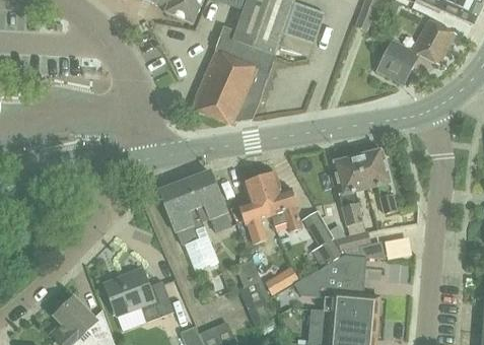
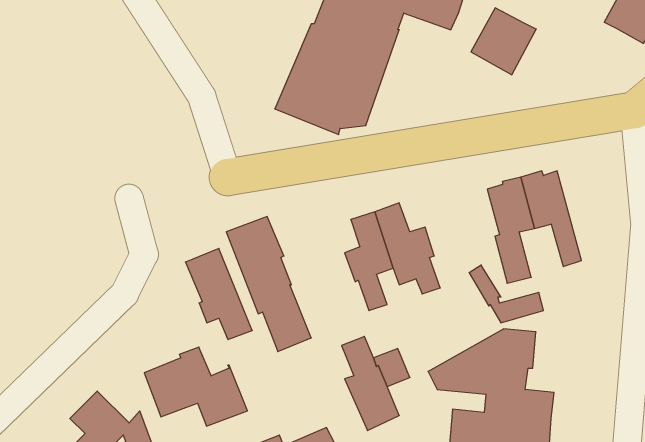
building: [375,39,419,83] -> [471,8,536,75]
building: [186,169,230,230] -> [185,248,252,340]
building: [301,209,343,262] -> none

